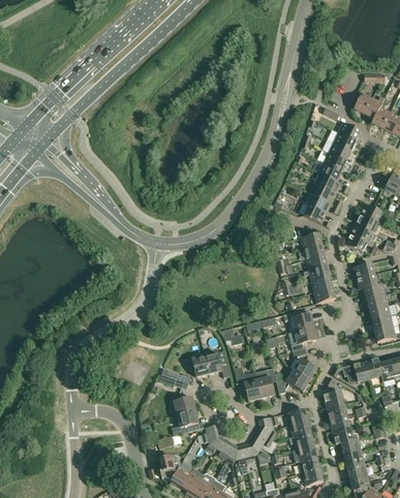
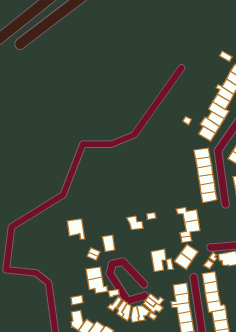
building: [205,350,229,376] -> [67,219,85,239]
building: [235,366,261,400] -> none

